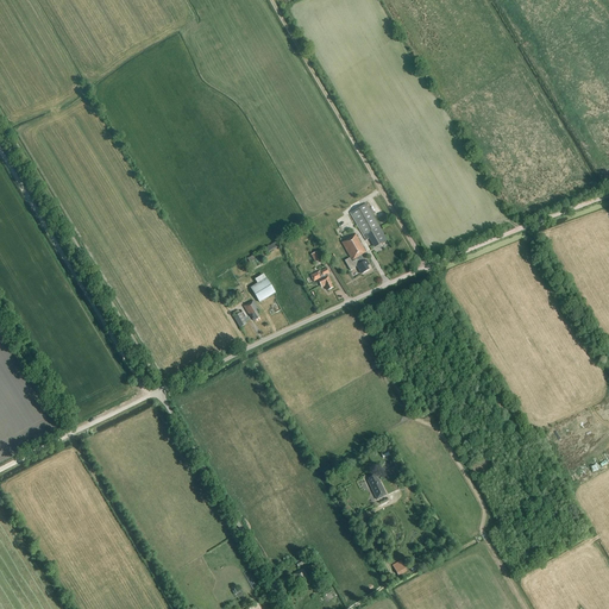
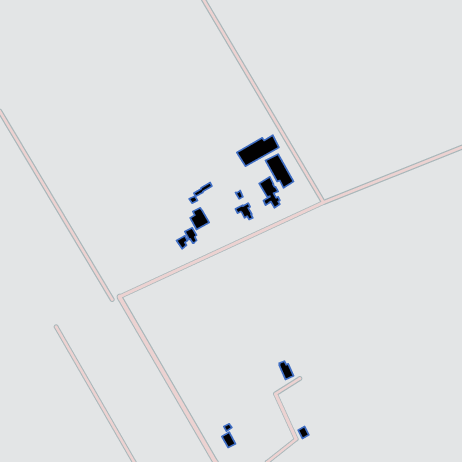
building: none -> [237,135,279,166]

